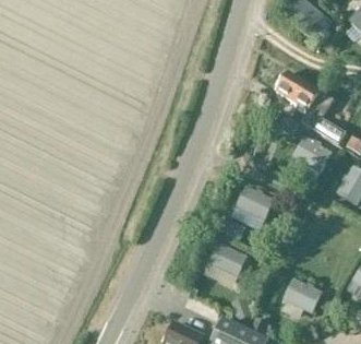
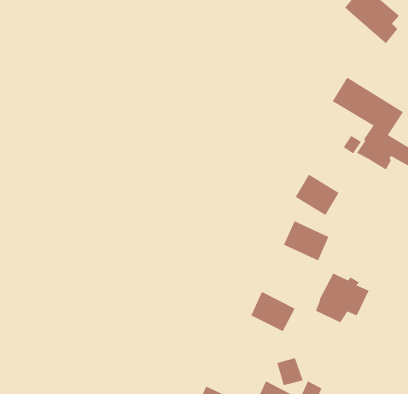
building: [294,137,330,170] -> [295,174,340,216]
building: [279,277,323,318] -> [315,273,369,323]

